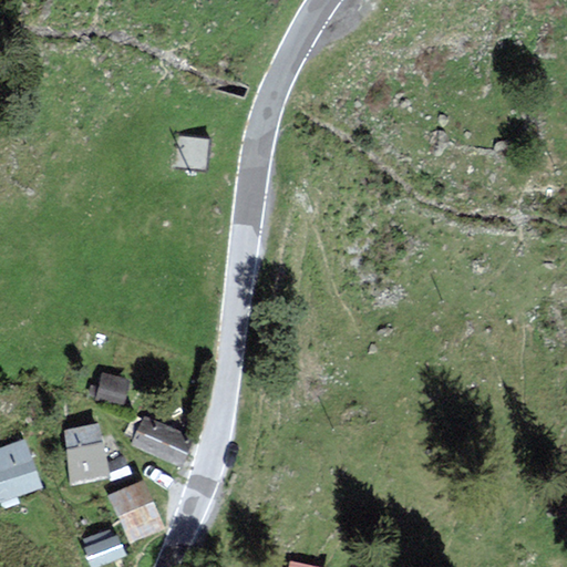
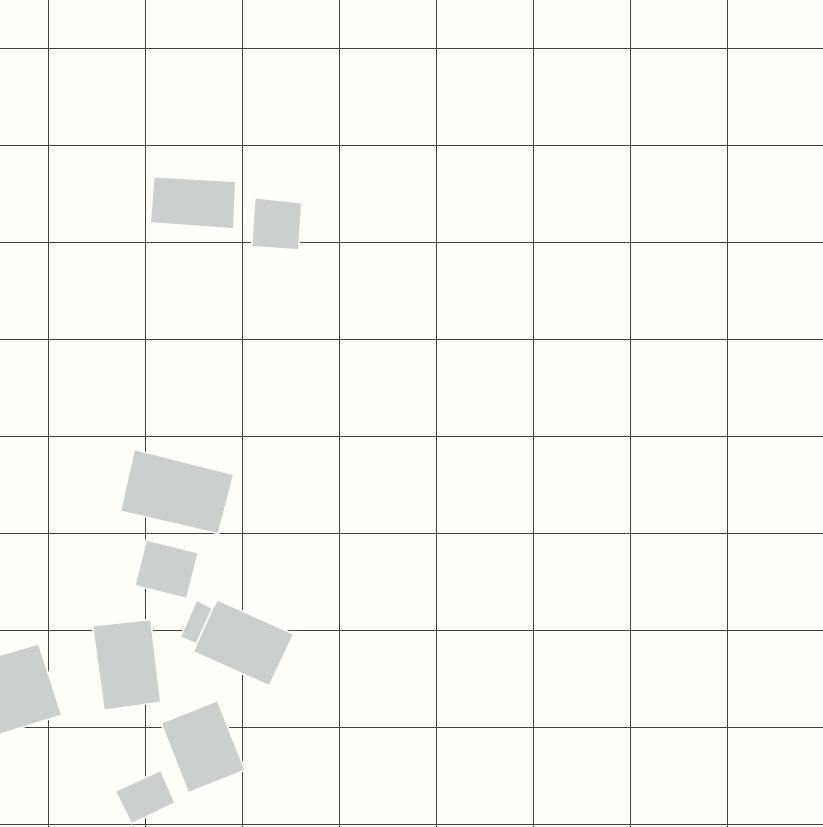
building: none -> [150,177,236,229]
building: none -> [121,450,234,534]

